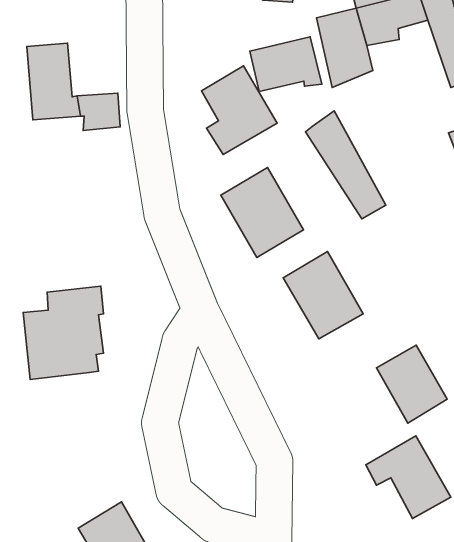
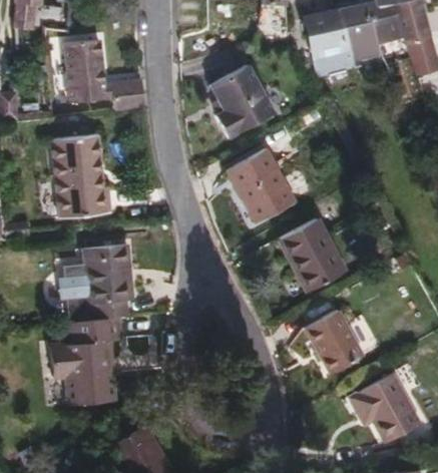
building: [250,37,322,92] -> none
building: [305,111,386,219] -> none
building: none -> [51,137,110,218]
building: [377,345,447,423] -> [306,308,365,373]
building: none -> [48,317,120,407]

